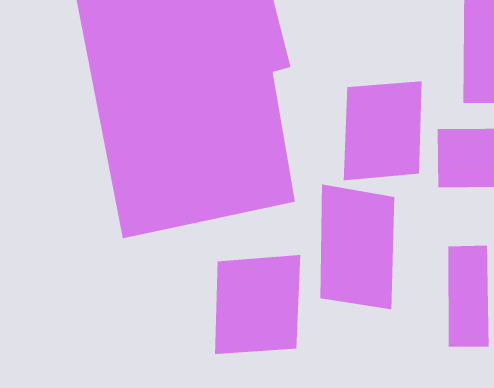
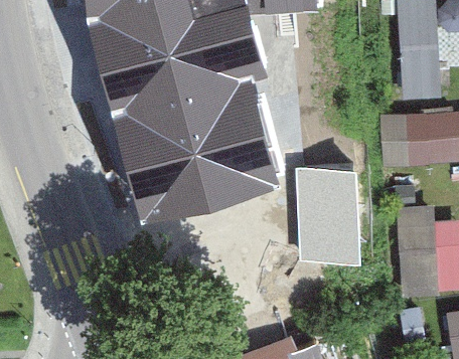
building: [343,81,422,181] -> none
building: [214,254,301,355] -> none

